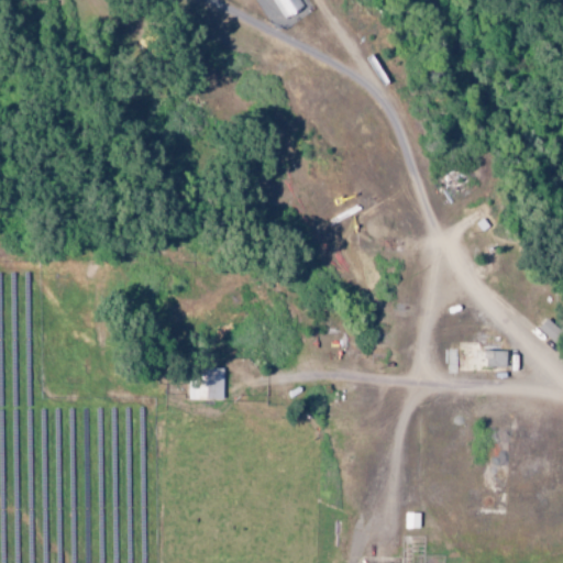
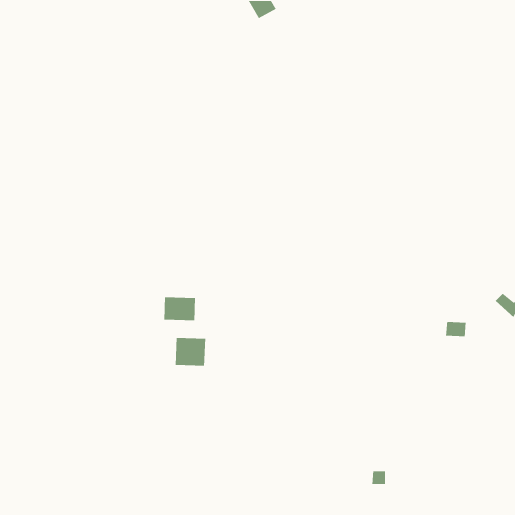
building: none -> [163,296,196,321]

